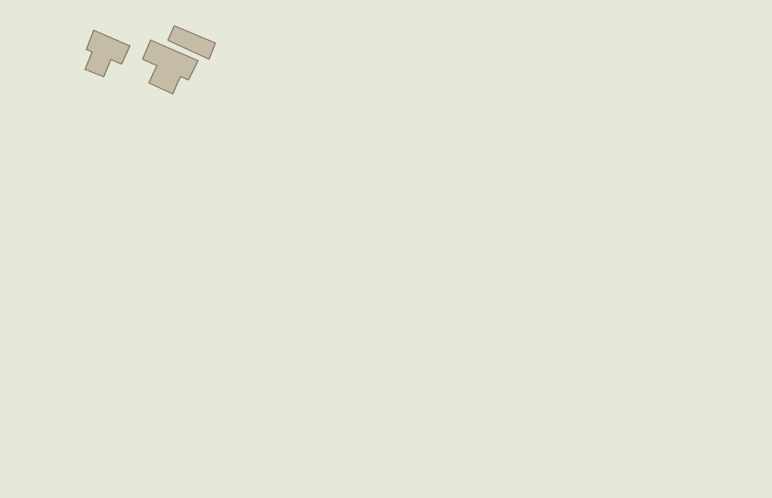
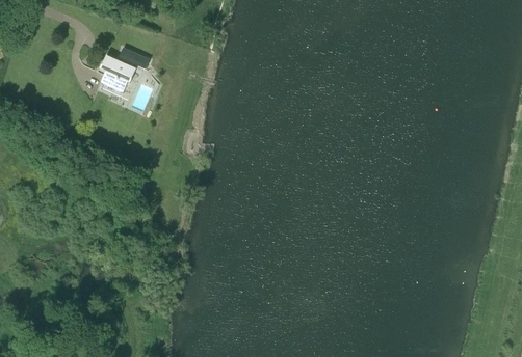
building: [85,30,130,77] -> none

